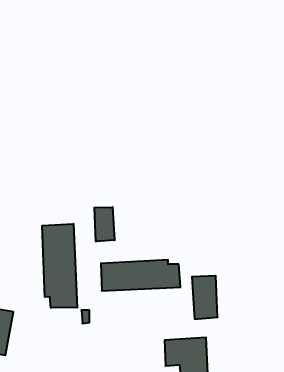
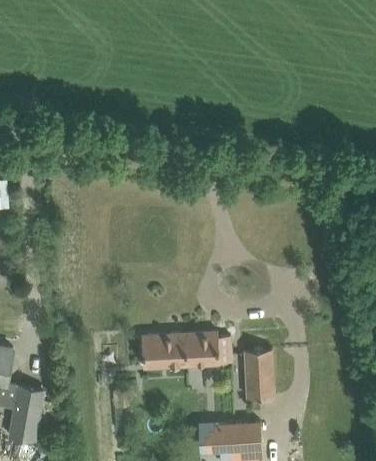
building: [94,207,115,242] -> none
building: [42,224,77,308] -> none

